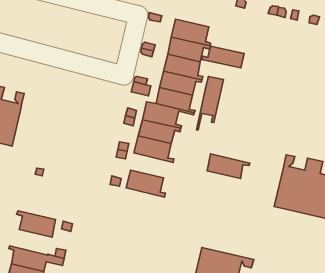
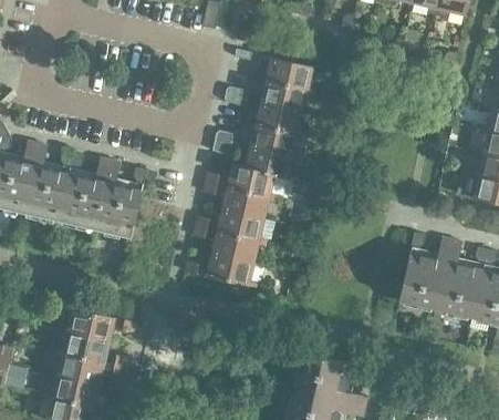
building: [202,46,244,68] -> none
building: [197,76,224,130] -> none
building: none -> [58,153,146,238]
building: [207,154,250,178] -> [211,231,267,263]
building: none -> [54,330,110,363]

